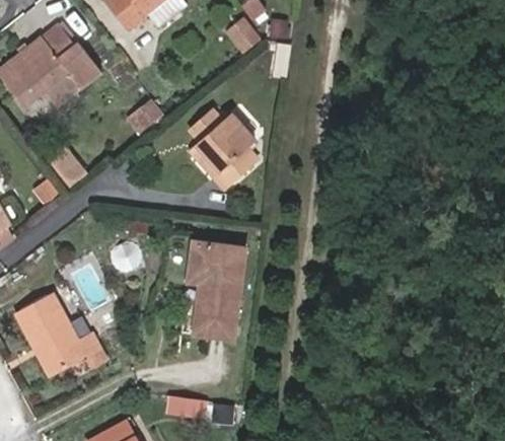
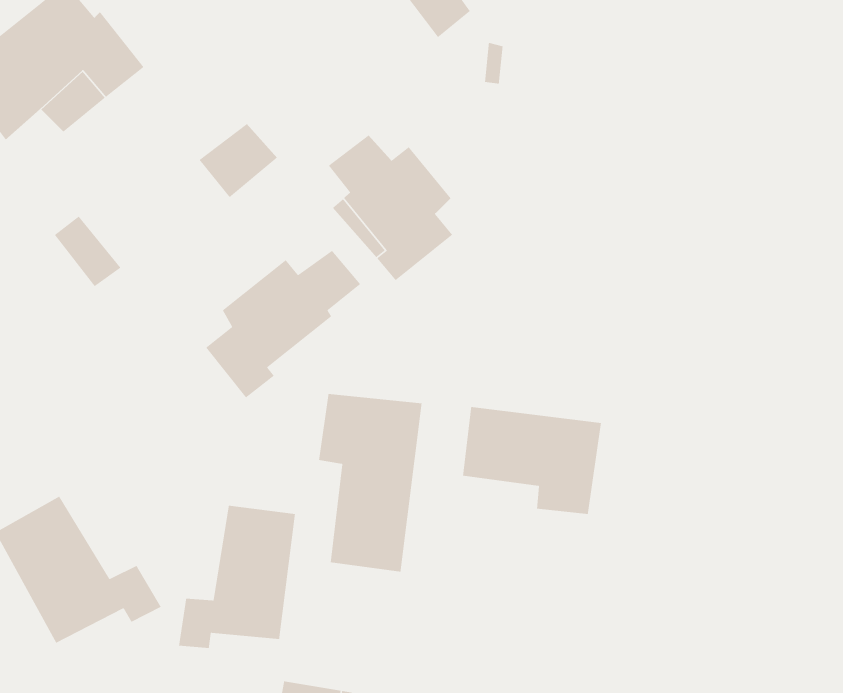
building: none -> [205,250,361,398]
building: none -> [462,406,602,515]
building: none -> [178,505,296,649]

